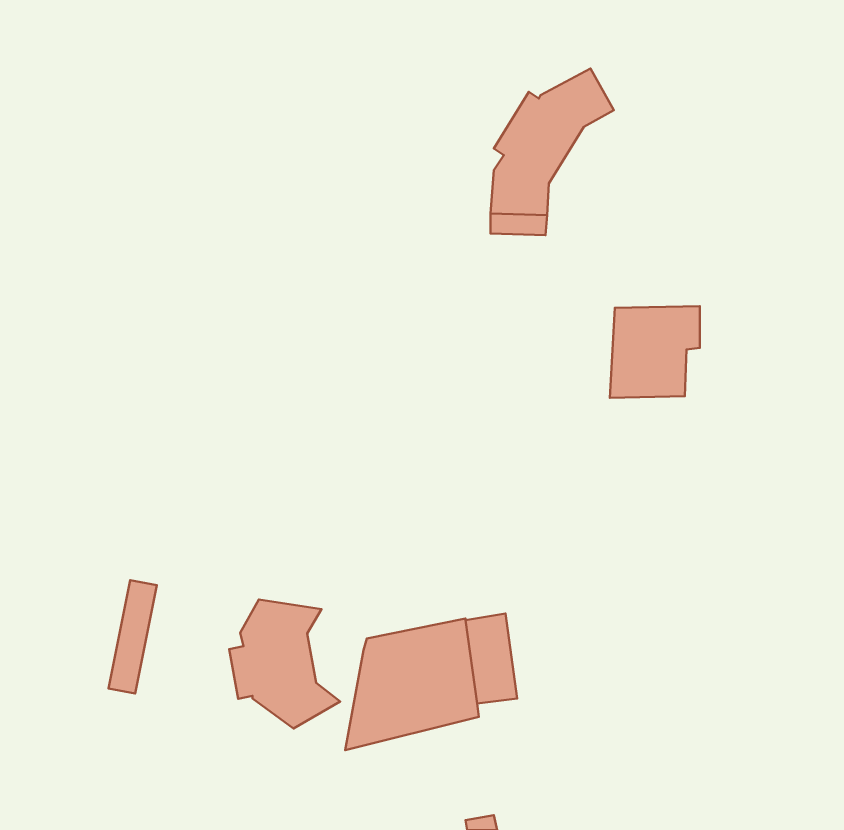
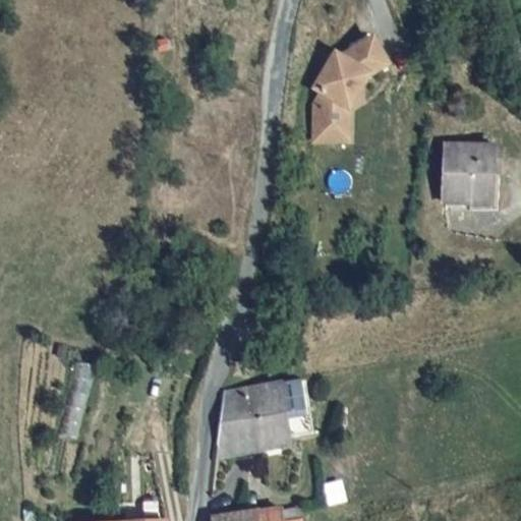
building: [610,306,700,398] -> [446,148,501,204]
building: [229,599,340,728] -> none

